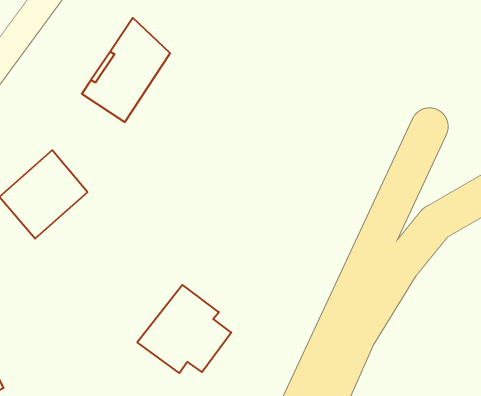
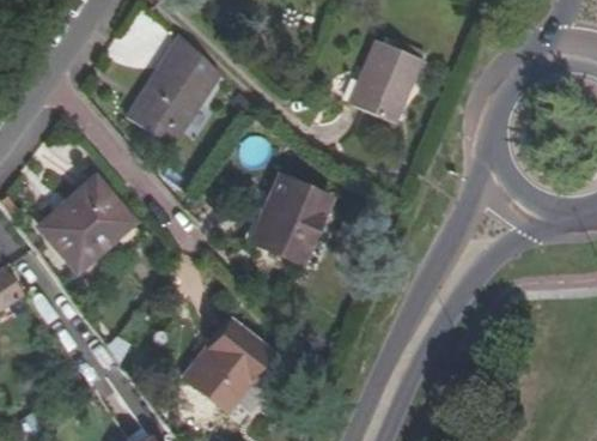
building: none -> [348,37,422,121]
building: none -> [250,174,330,262]

